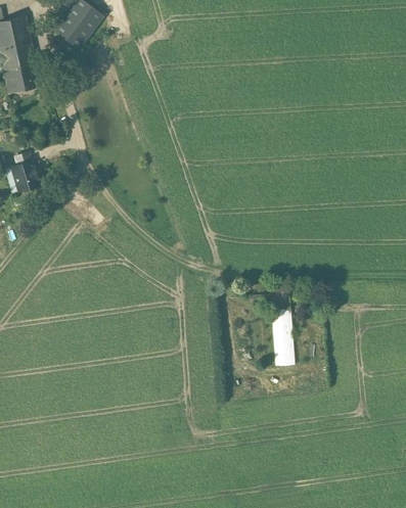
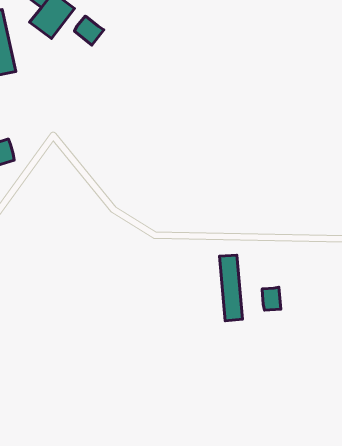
building: none -> [74,16,104,45]
building: none -> [262,287,281,310]

